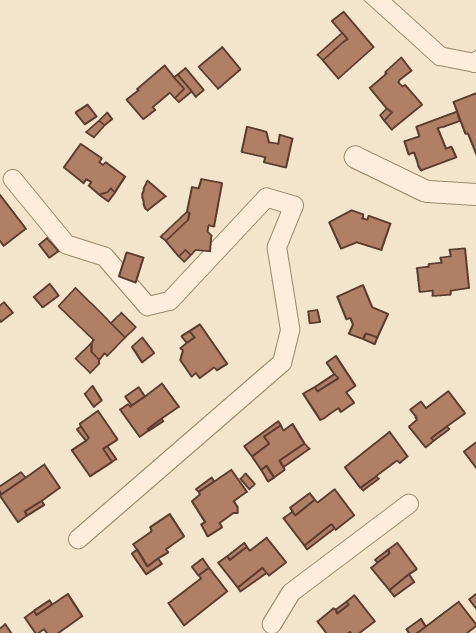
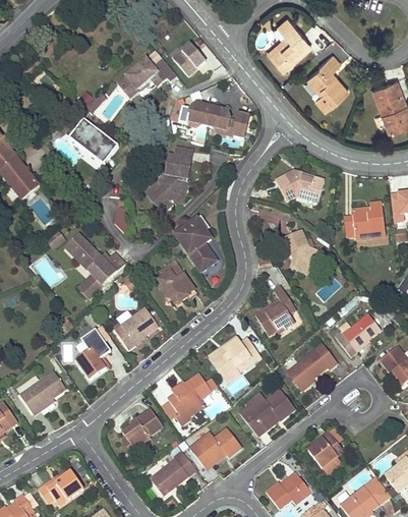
building: [405,111,460,171] -> none
building: none -> [178,104,211,126]
building: none -> [176,216,216,270]

